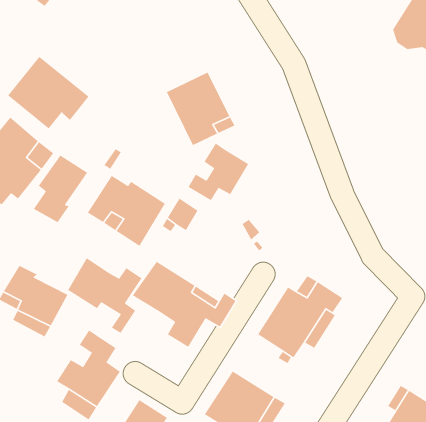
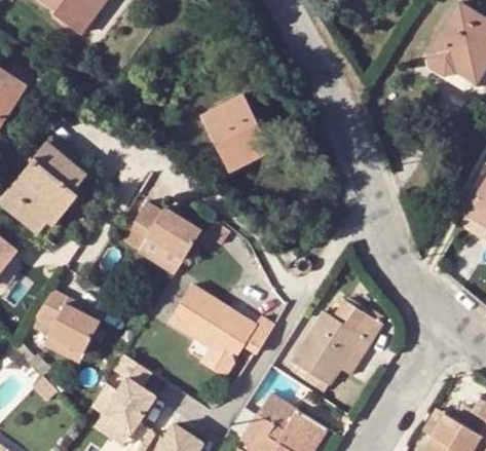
building: [7,56,90,130] -> none
building: [188,143,249,201] -> none
building: [33,154,88,223] -> none
building: [67,257,142,334] -> none

